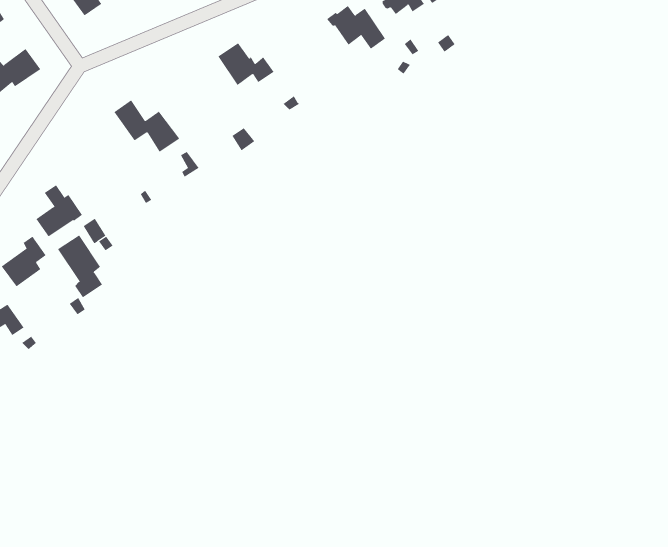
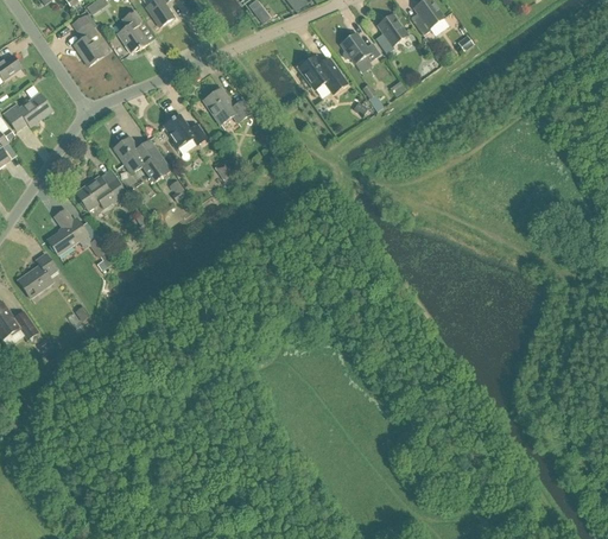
building: none -> [163,112,205,144]
building: none -> [75,175,124,208]
building: [57,235,103,298] -> none

